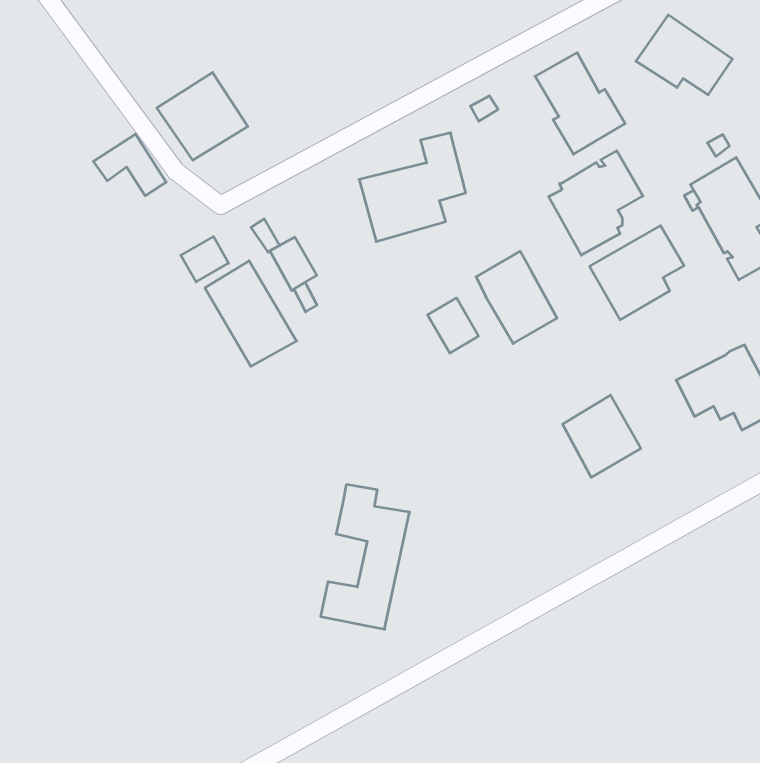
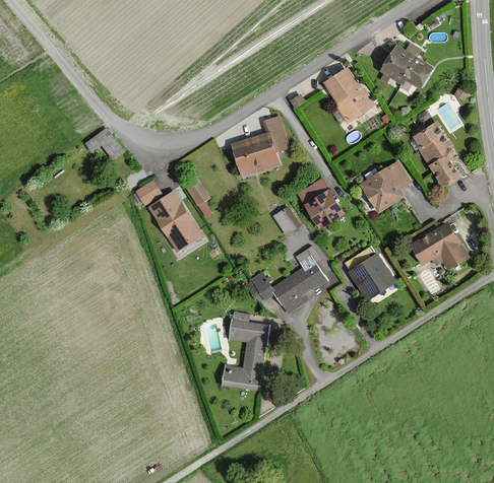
building: [157,72,248,160] -> none
building: [549,151,643,255] -> none
building: none -> [246,246,329,315]

